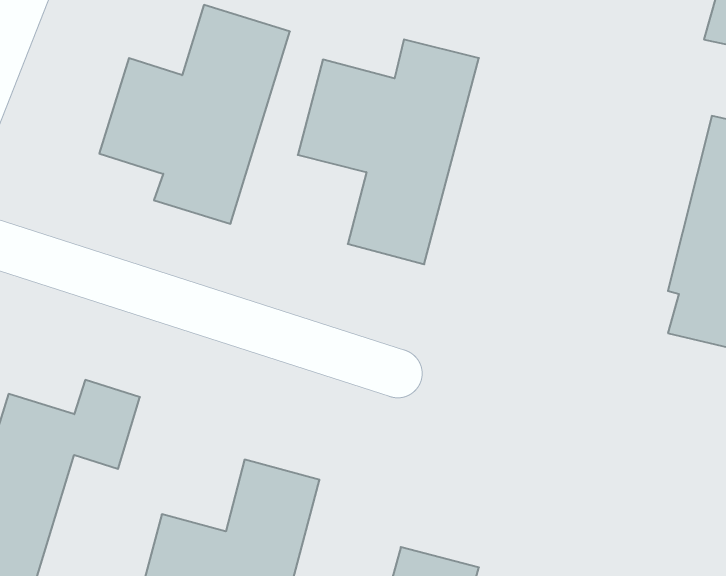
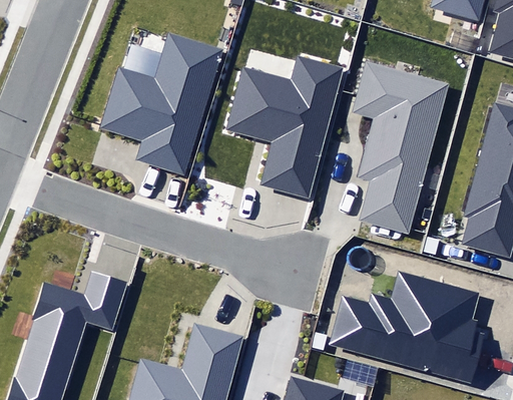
building: none -> [353,64,446,230]
building: none -> [326,275,487,384]

